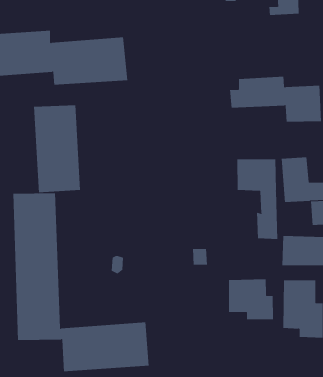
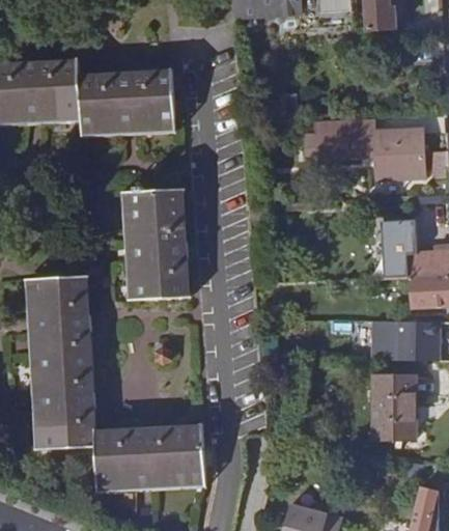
building: [33,105,81,193] -> [129,186,189,297]
building: [237,158,278,240] -> none
building: [229,279,274,320] -> none

